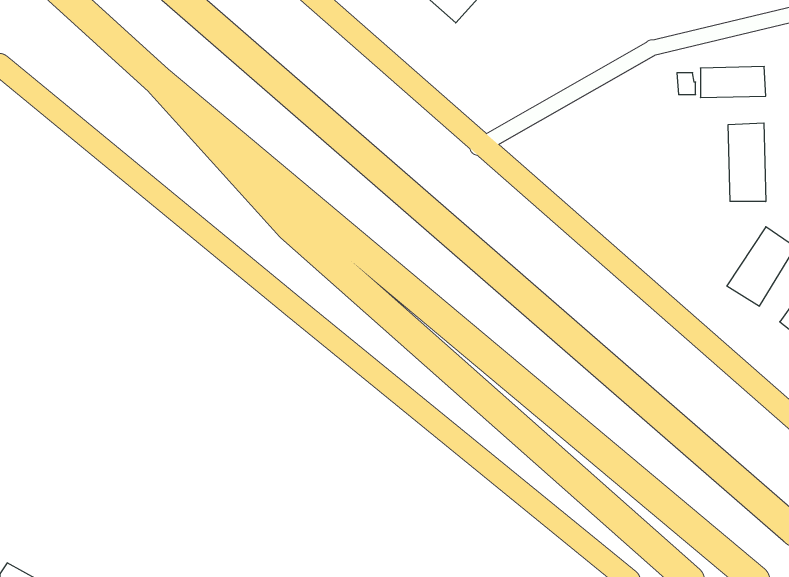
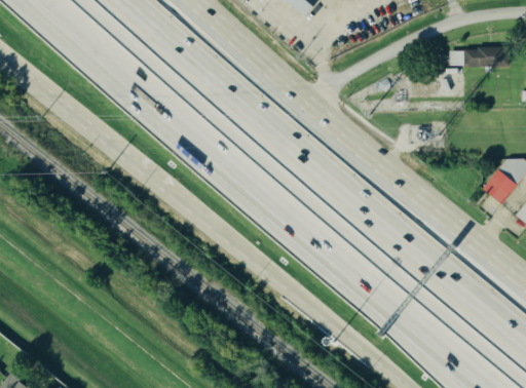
building: [728,123,766,202] -> none

